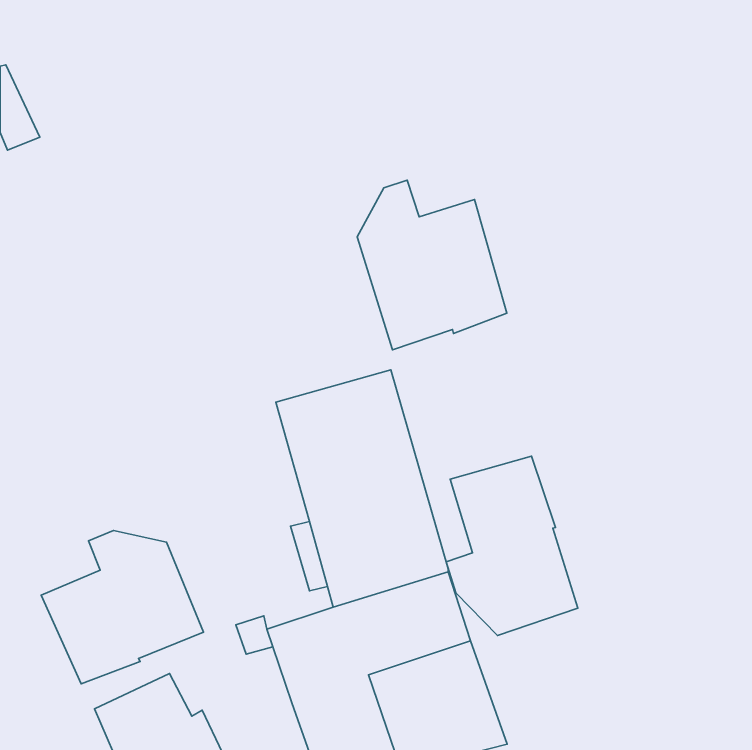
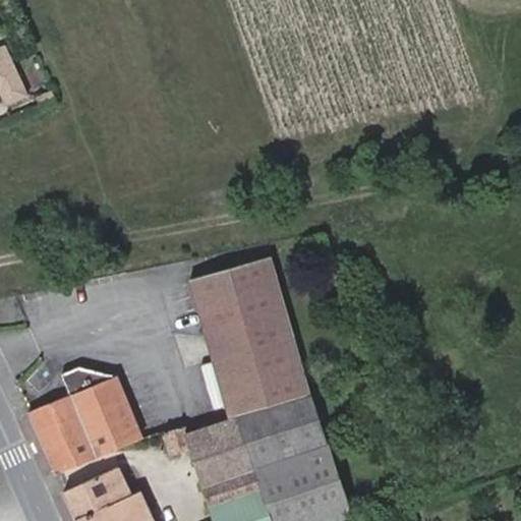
building: [357,180,507,350] -> none
building: [446,456,578,635] -> none

